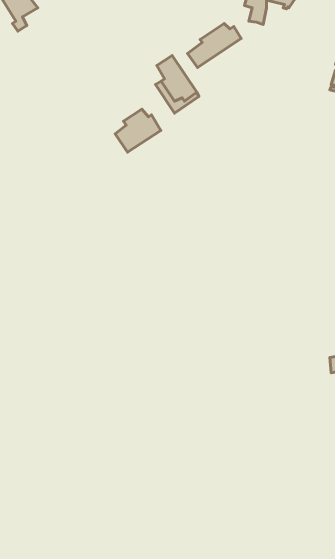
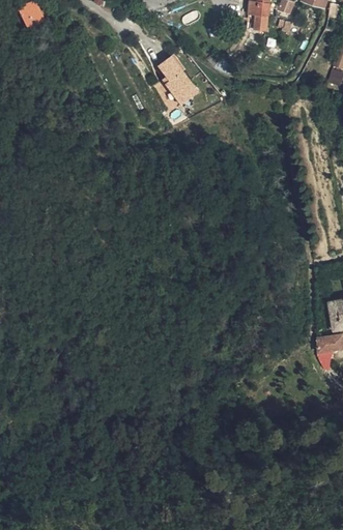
building: [188,24,241,68] -> none
building: [115,109,161,152] -> none

